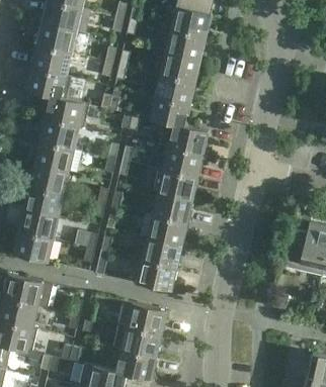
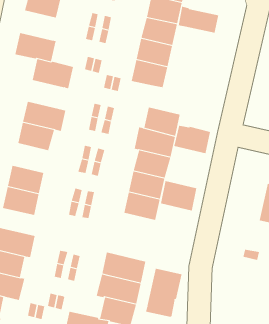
building: none -> [178,6,219,34]
building: [31,44,71,76] -> none
building: [39,118,79,149] -> none
building: [168,124,208,155] -> [174,125,211,154]
building: [23,185,63,216] -> none
building: [137,259,176,291] -> [160,181,197,211]
building: none -> [146,268,182,318]

